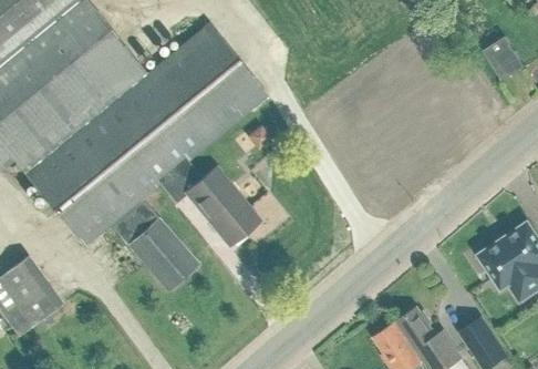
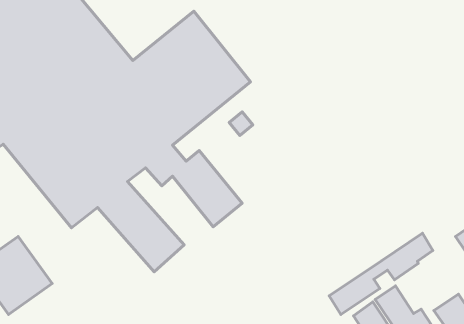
building: none -> [329,233,433,315]

